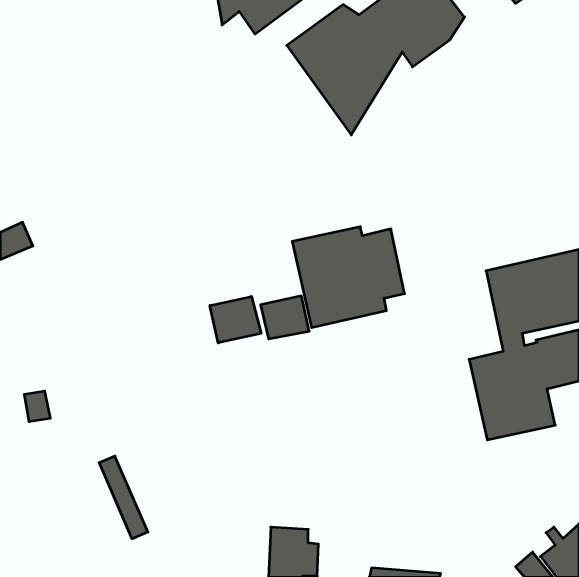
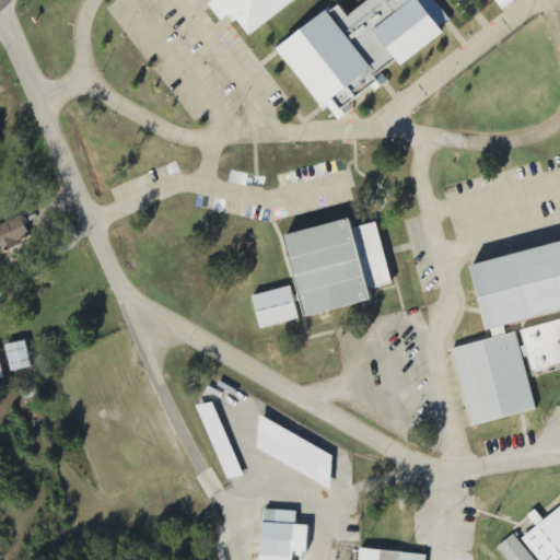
building: [210,296,261,343] -> none
building: [24,391,50,422] -> [7,340,32,370]
building: none -> [252,418,339,485]
building: [99,456,148,539] -> [197,400,244,480]

